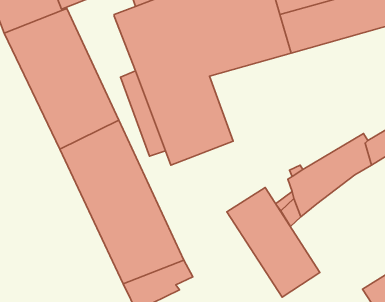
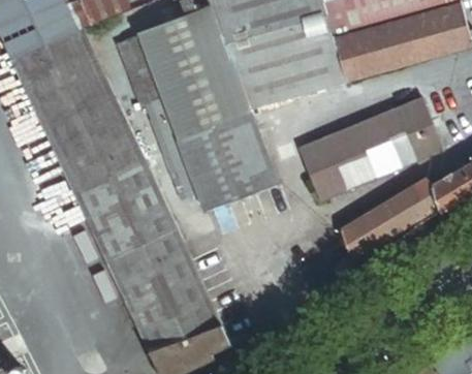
building: none -> [117,37,163,111]
building: none -> [300,96,445,200]
building: [227,188,320,297] -> none

